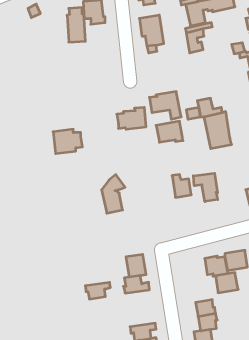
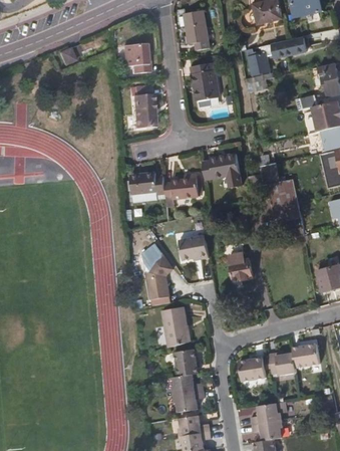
building: [67,8,85,42] -> [132,86,154,128]
building: [156,121,183,142] -> [176,235,208,260]
building: [53,129,82,154] -> [129,172,164,201]
building: [193,173,218,202] -> none
building: none -> [161,306,192,347]
building: [216,273,238,293] -> [239,357,266,381]
building: [85,282,110,299] -> [173,391,203,411]
building: none -> [178,415,209,435]

